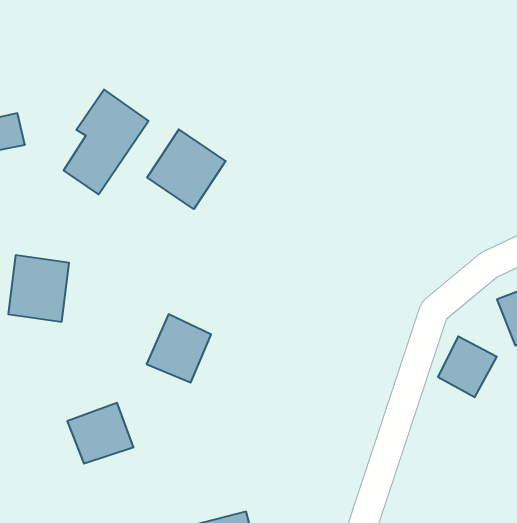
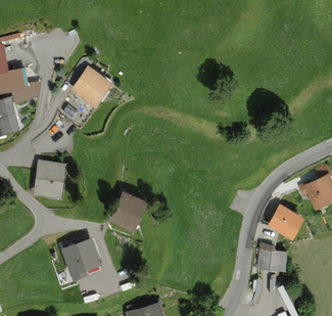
building: [147,129,226,209] -> none
building: none -> [256,243,288,272]

